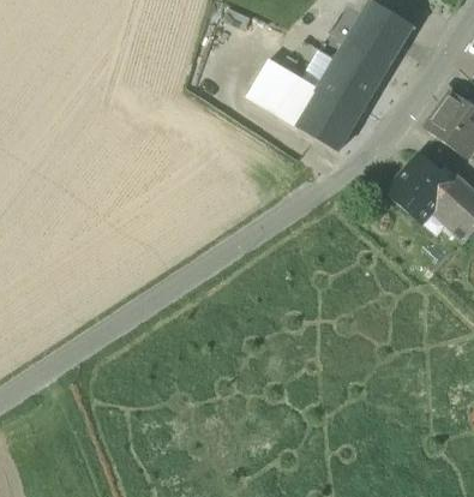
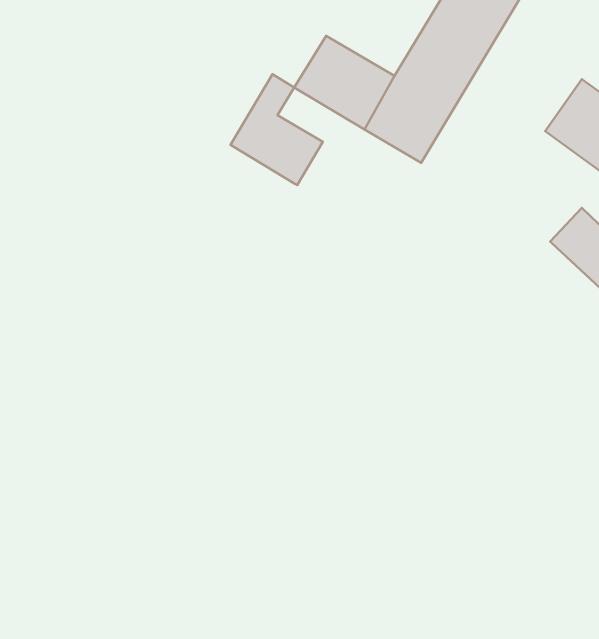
building: none -> [230,74,323,185]
building: [388,151,454,220] -> none

